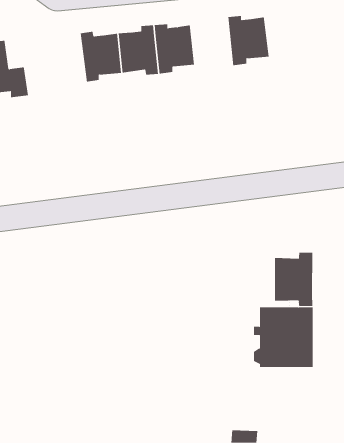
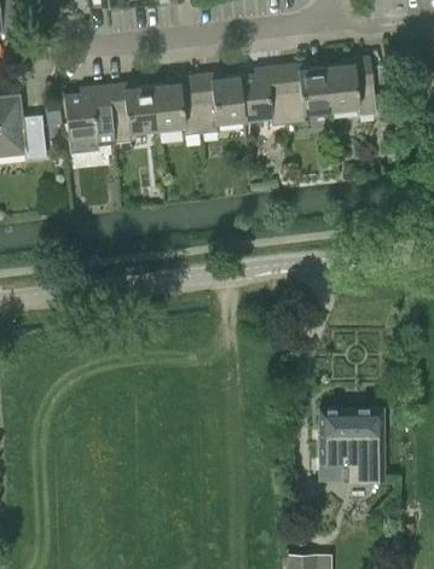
building: none -> [324,56,375,115]
building: none -> [237,65,287,124]
building: none -> [63,85,114,153]
building: [275,252,313,307] -> none

